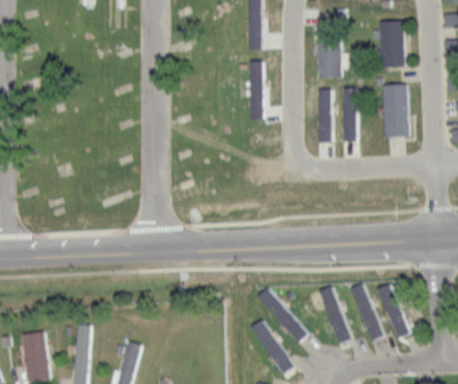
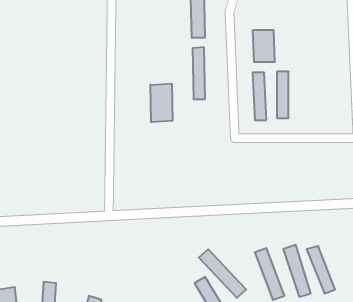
building: [380,23,407,64] -> none
building: [384,84,409,138] -> none
building: none -> [150,84,172,122]

